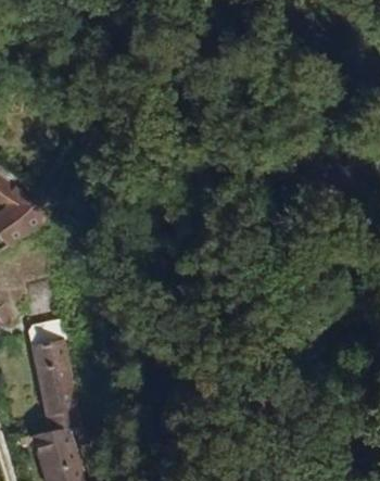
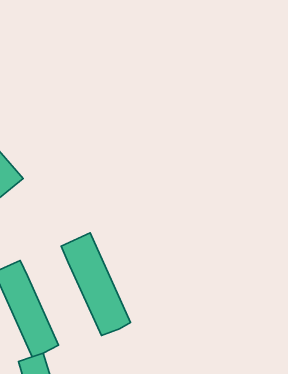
building: none -> [61,233,131,336]

